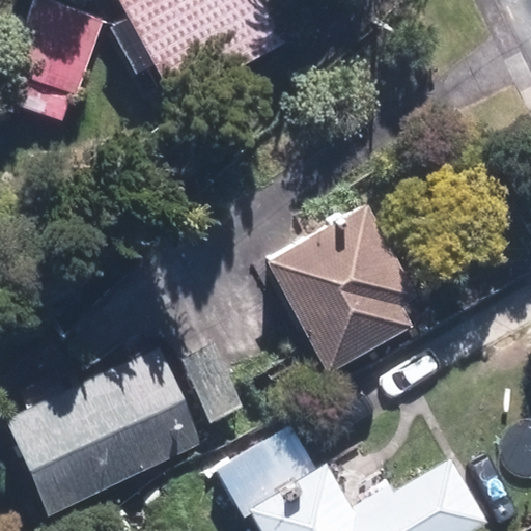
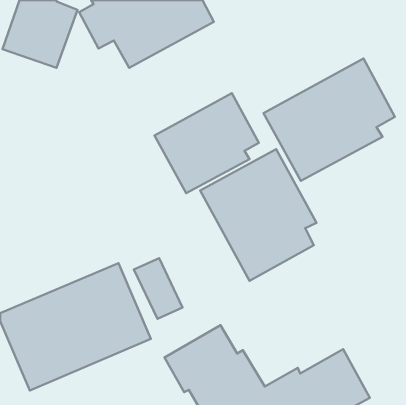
building: none -> [264,59,395,181]
building: none -> [155,93,259,193]

